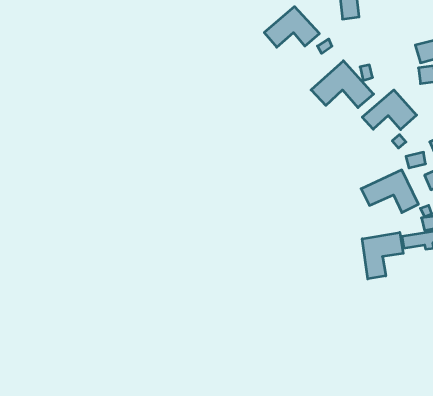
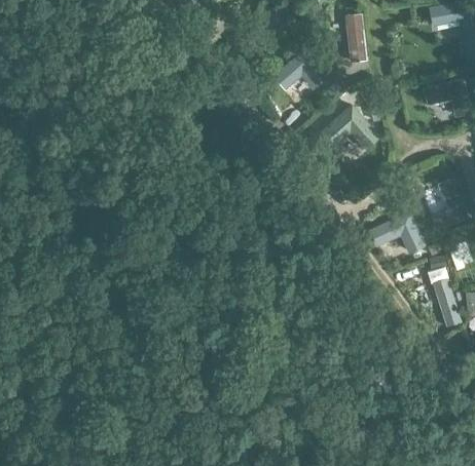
building: [362,90,417,130] -> none
building: [362,232,403,279] -> none

